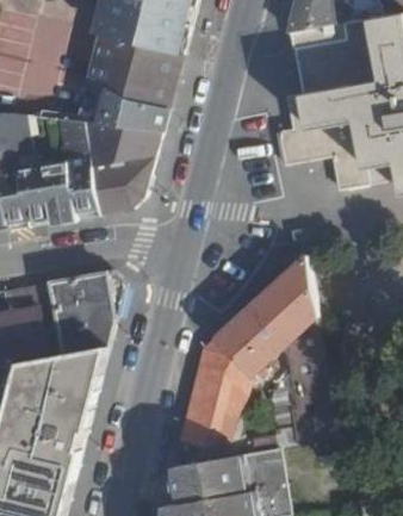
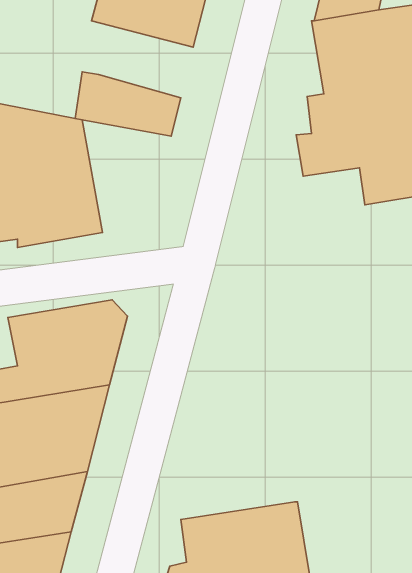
building: [83,31,182,98] -> none
building: [86,117,163,215] -> none
building: [180,251,339,448] -> none

